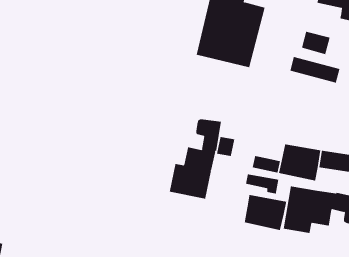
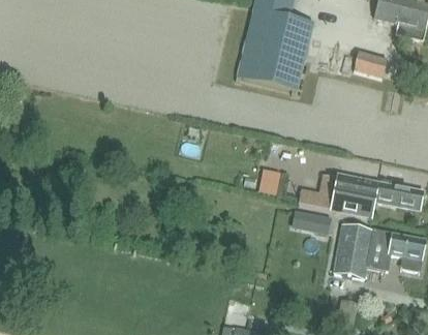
building: [290,56,340,84] -> none
building: [169,119,221,200] -> none
building: [244,194,287,231] -> none

